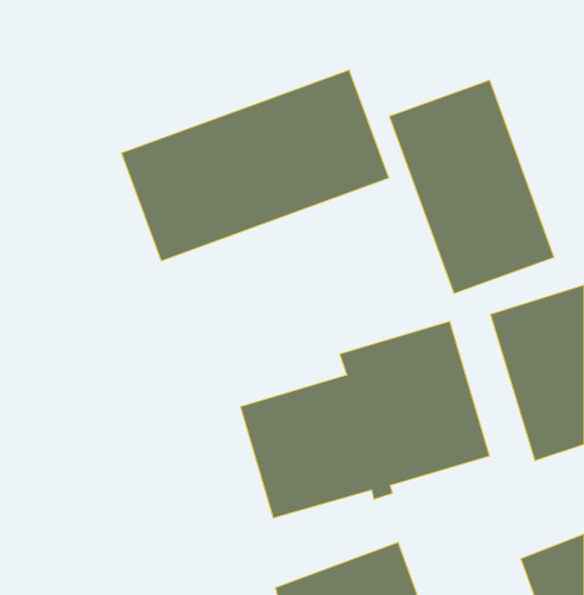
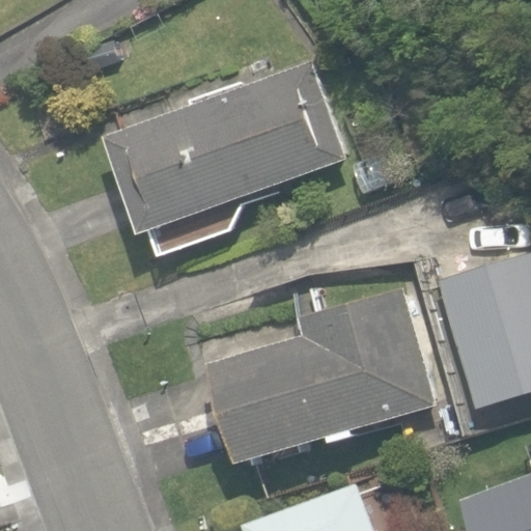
building: [390,80,554,293] -> none

